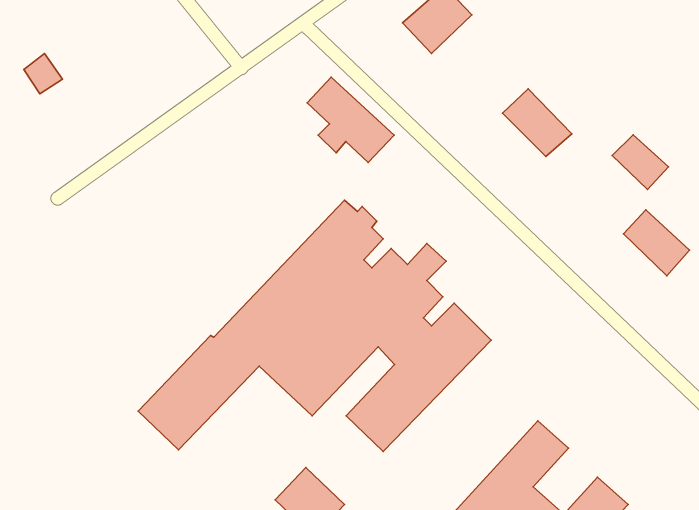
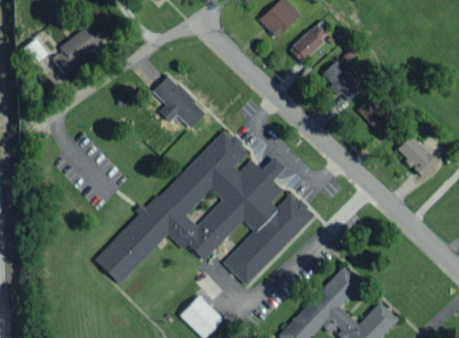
building: none -> [290,24,328,61]
building: none -> [53,25,102,72]
building: [307,77,394,163] -> [153,75,207,128]
building: [612,135,669,190] -> [357,97,392,131]

